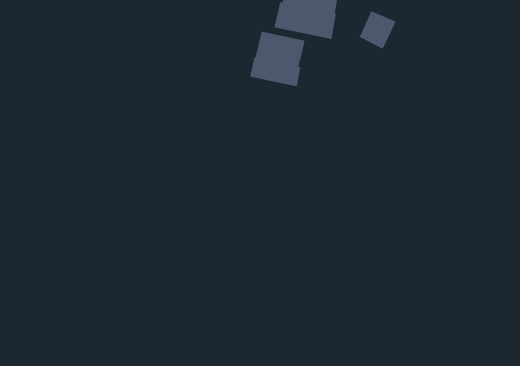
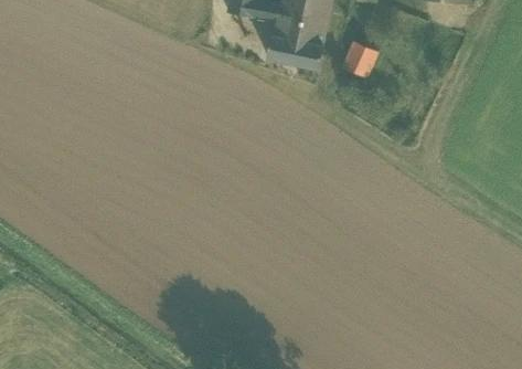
building: [249,31,305,87] -> none

